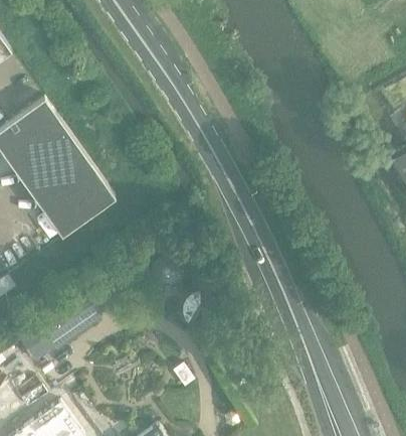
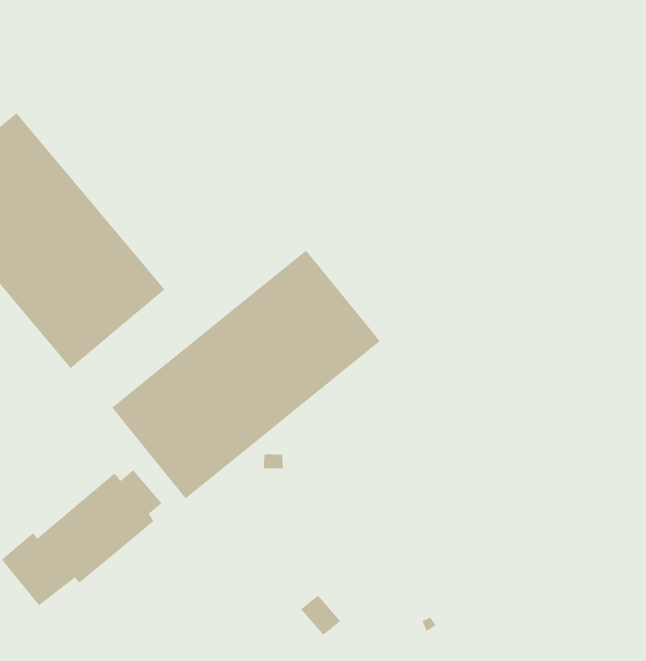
building: none -> [111,249,381,500]

